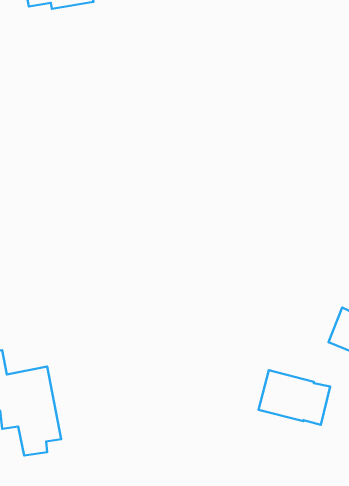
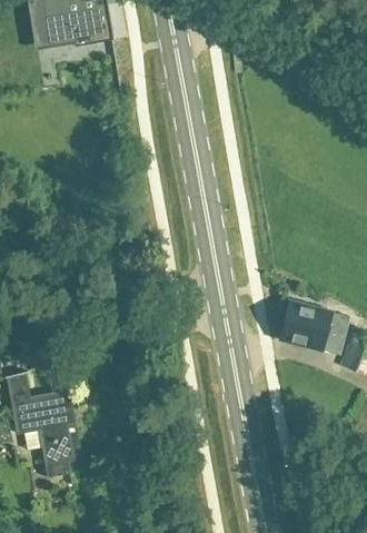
building: [258,370,330,425] -> [276,299,345,352]

